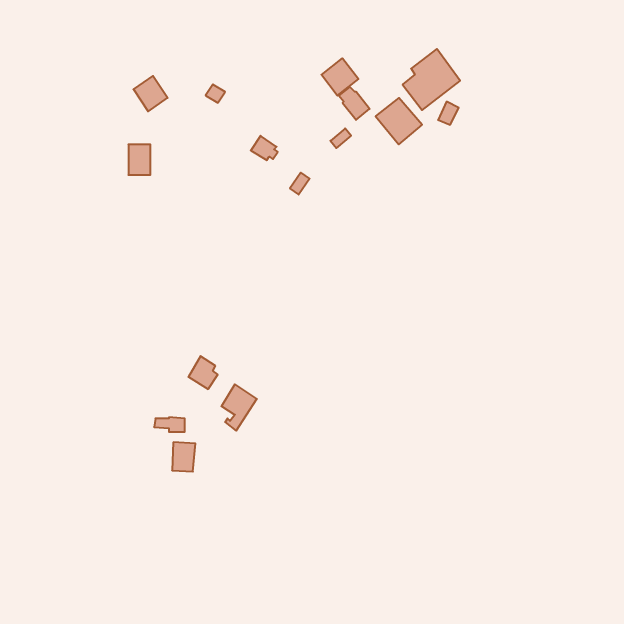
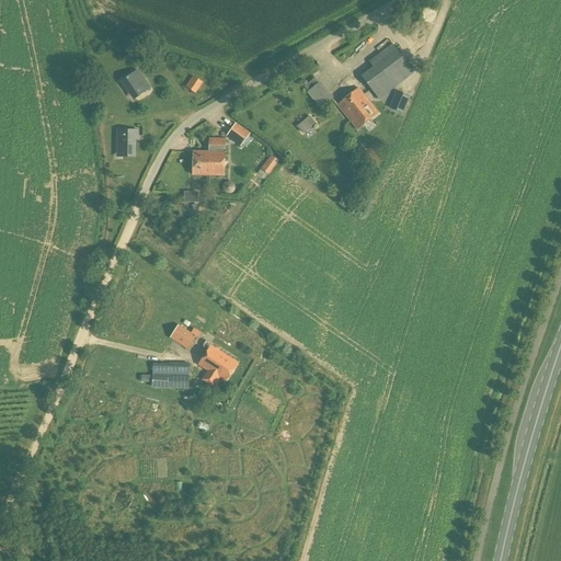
building: [321,58,358,96] -> none
building: none -> [192,138,225,174]
building: [172,442,195,472] -> [168,362,188,388]

